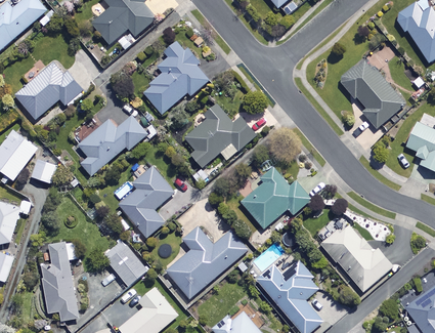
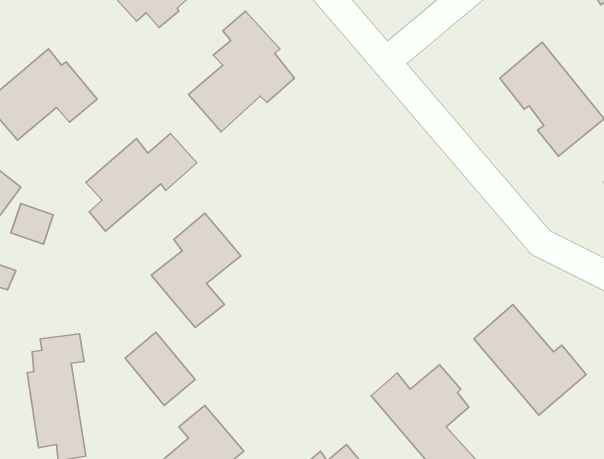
building: [179,103,256,167] -> none
building: [240,168,310,227] -> none
building: [166,226,248,298] -> none

